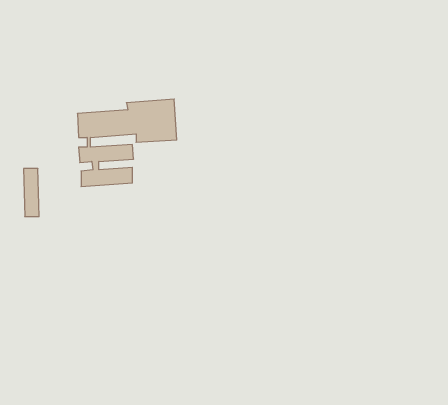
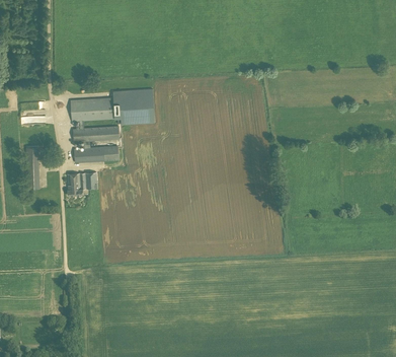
building: none -> [67,171,96,195]

